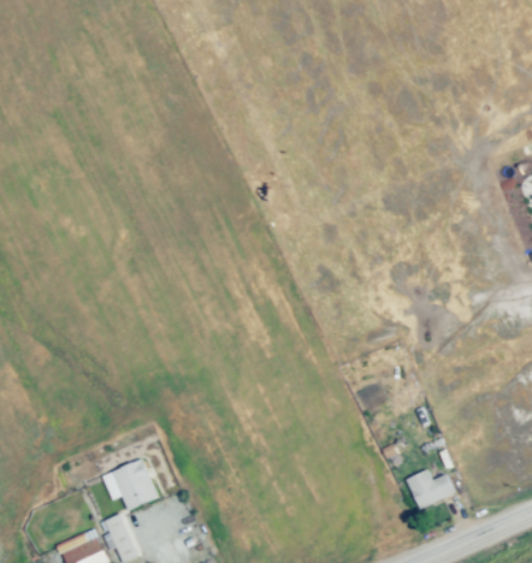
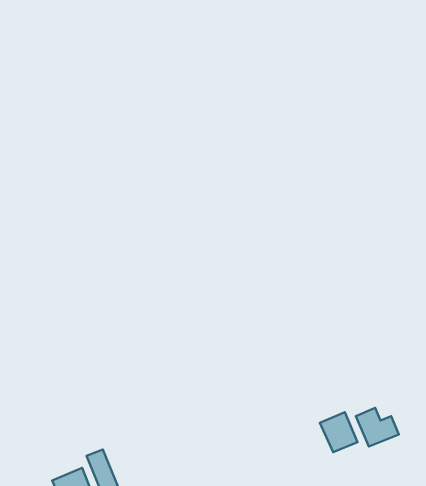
building: [111,457,158,510] -> none
building: none -> [320,412,358,452]

